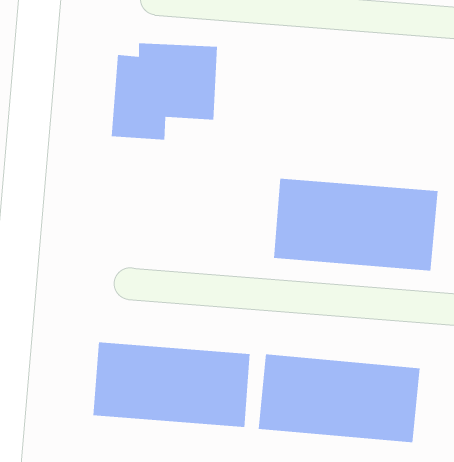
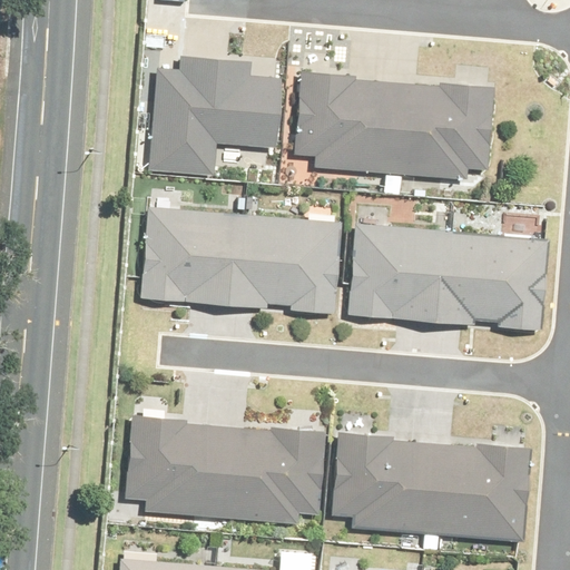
building: none -> [293,76,494,181]
building: none -> [142,205,343,316]

